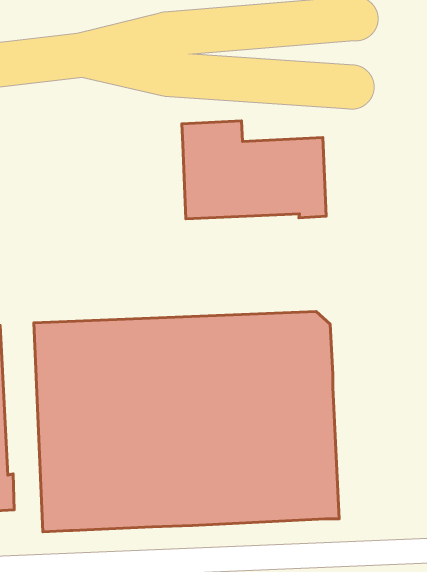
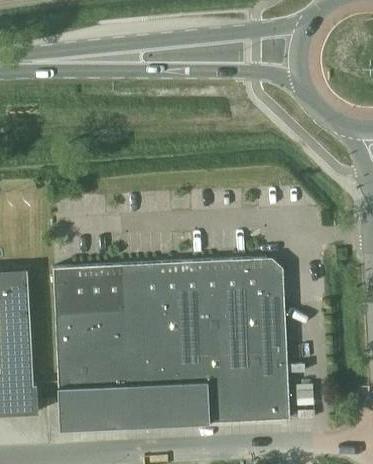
building: [182,121,326,219] -> none

